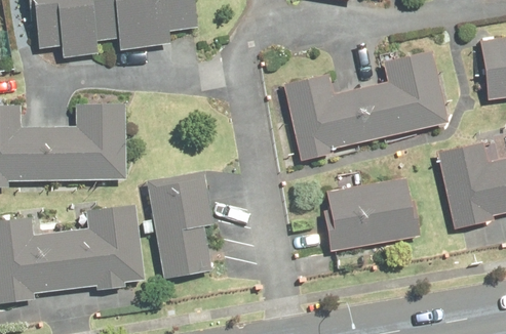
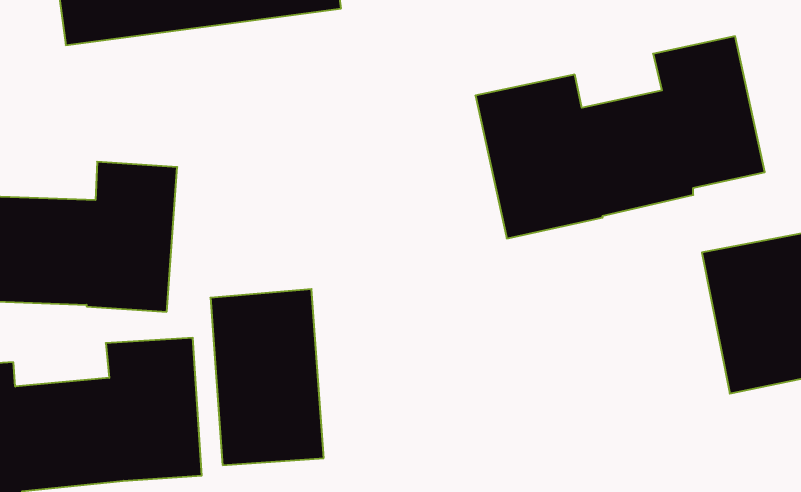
building: [300,192,397,261] -> none

